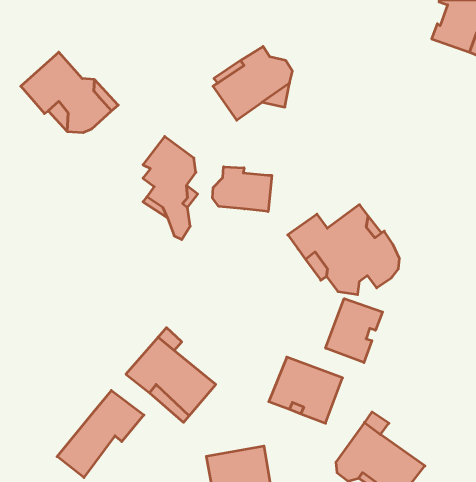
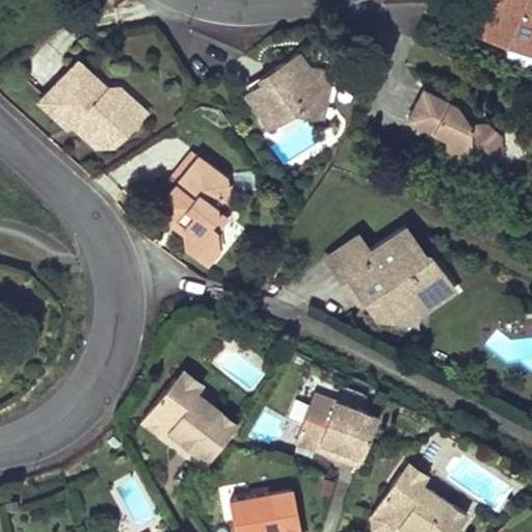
building: none -> [409,96,501,185]
building: [213,167,272,212] -> none
building: [326,299,383,363] -> none
building: [57,390,144,478] -> none

